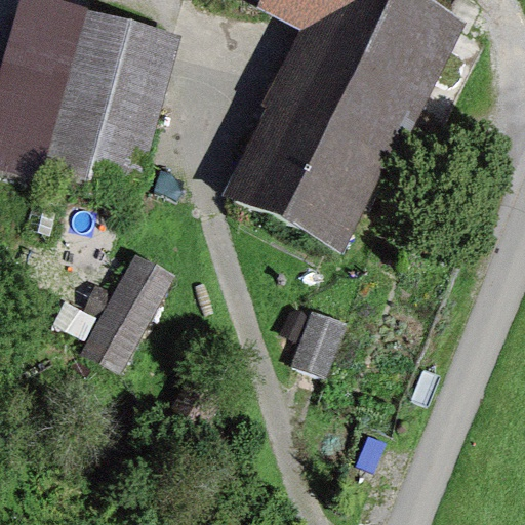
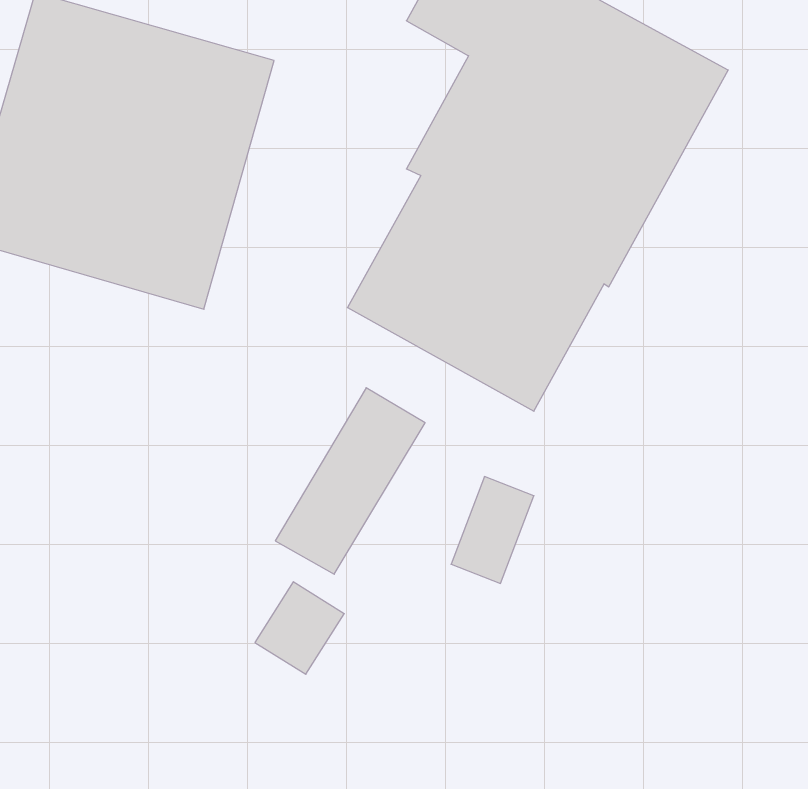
building: [77,250,173,370] -> [275,388,425,574]

